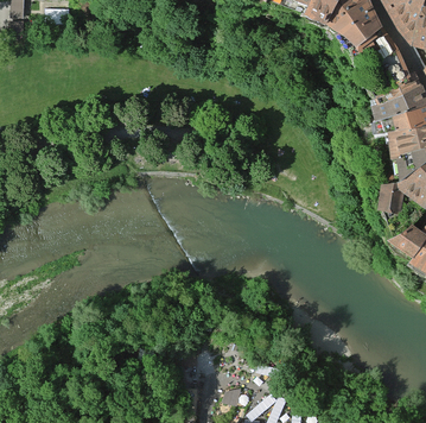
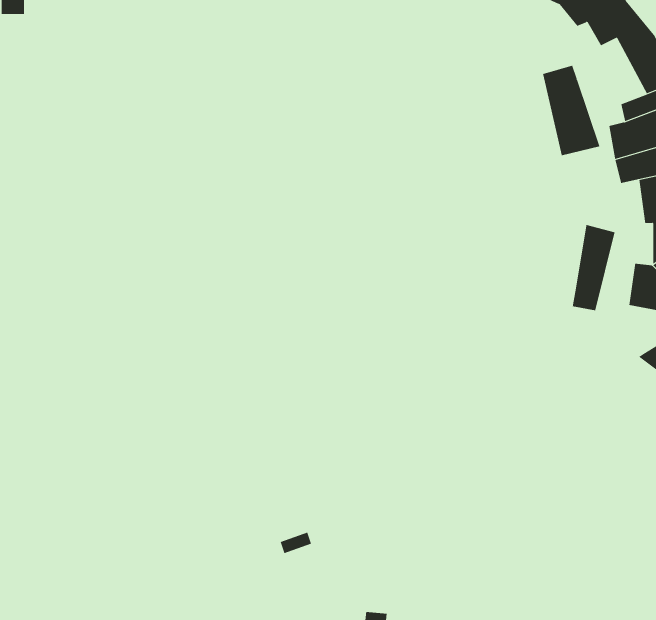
building: none -> [543,65,600,156]
building: none -> [572,224,615,311]

